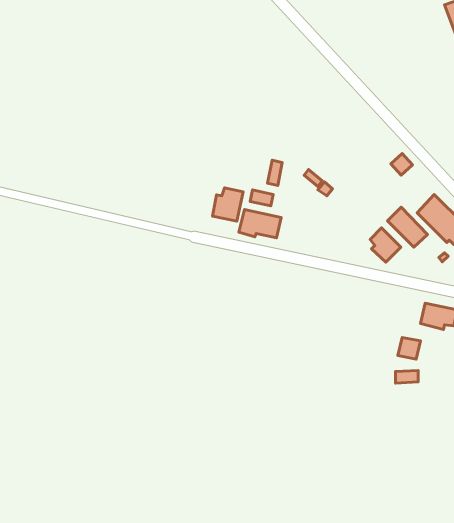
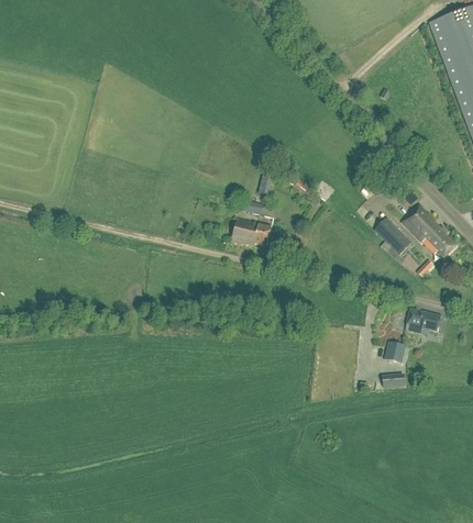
building: [213,188,243,221] -> none
building: [370,228,401,262] -> none

